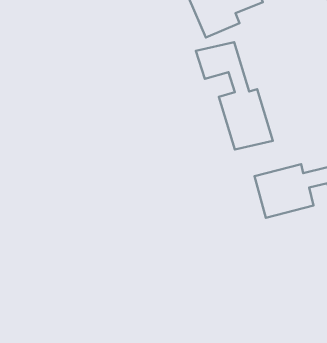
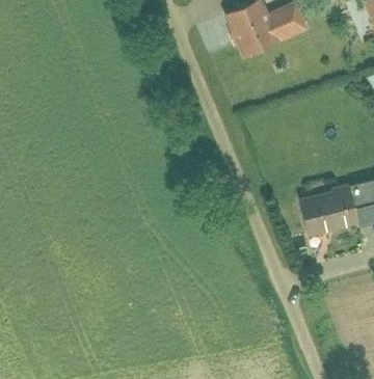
building: [196,42,273,149] -> none

